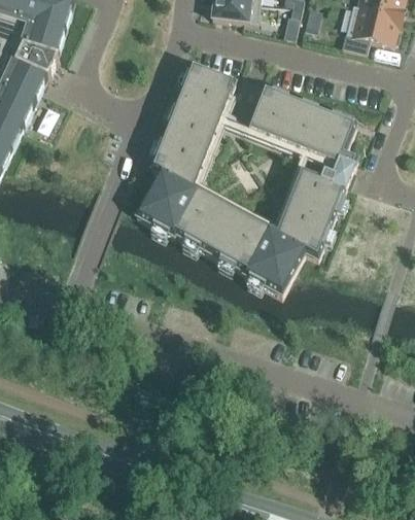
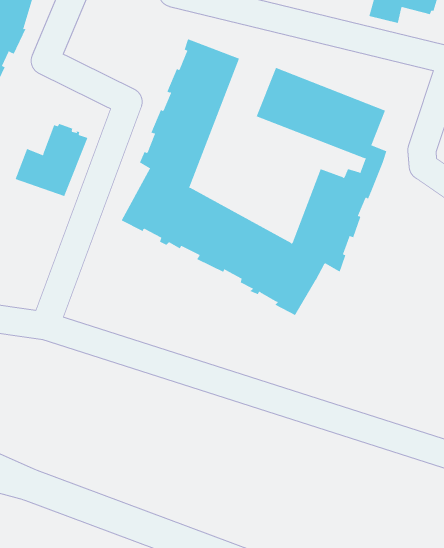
building: none -> [15,123,88,197]

